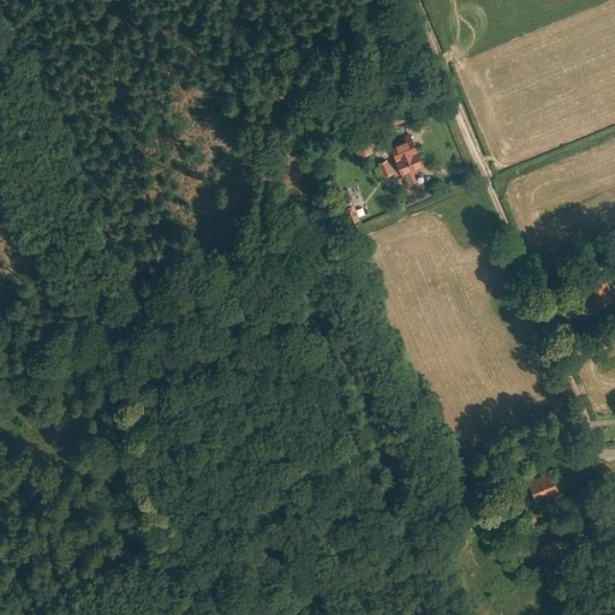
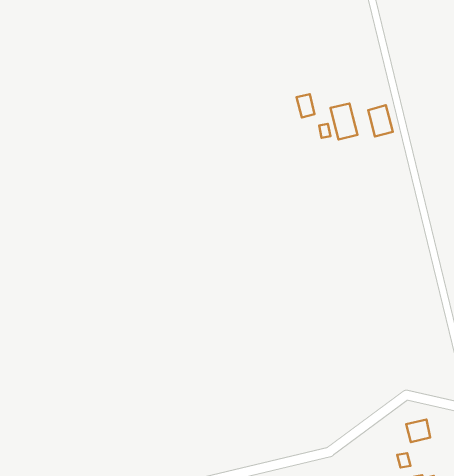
building: none -> [368,105,393,137]

